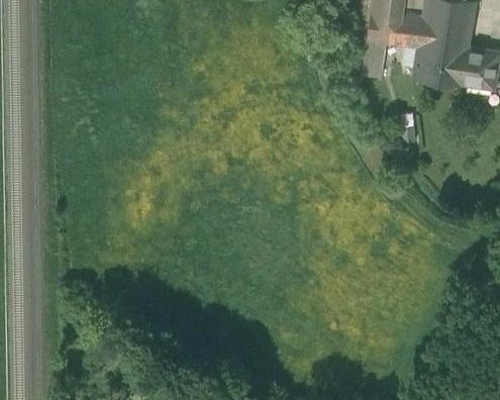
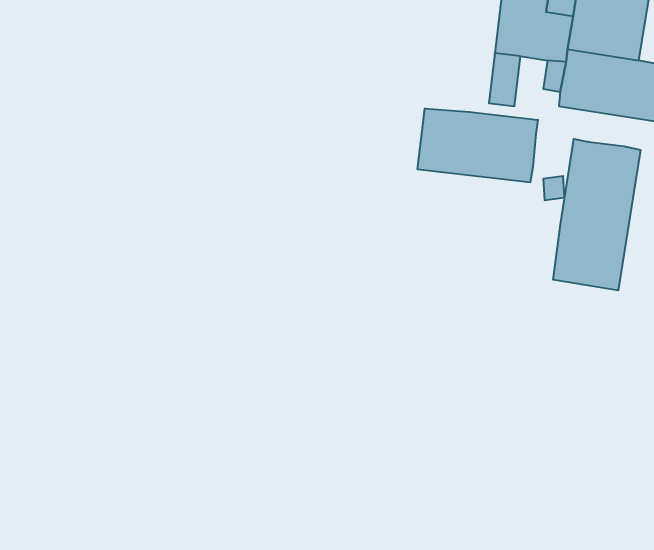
building: none -> [418,108,538,182]
building: none -> [553,139,641,290]

